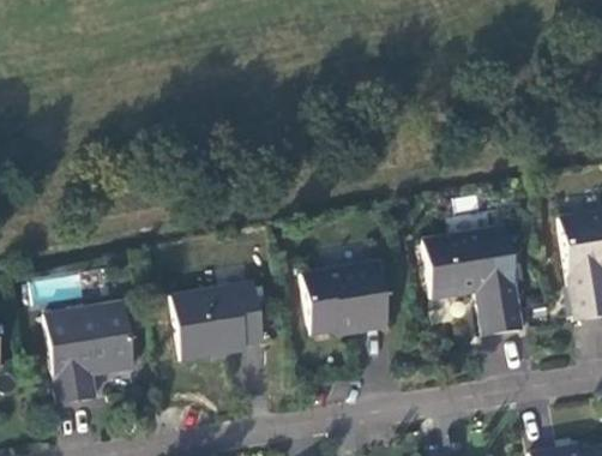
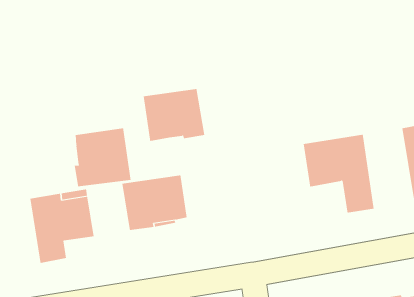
building: none -> [74,127,131,187]
building: [302,263,389,336] -> [143,88,205,141]

